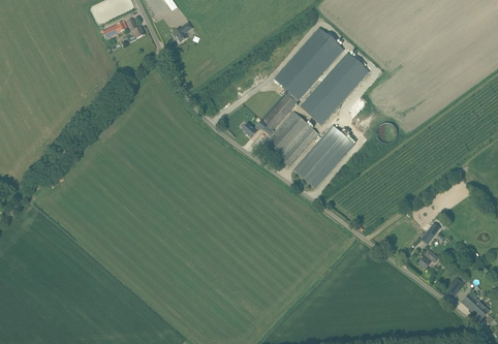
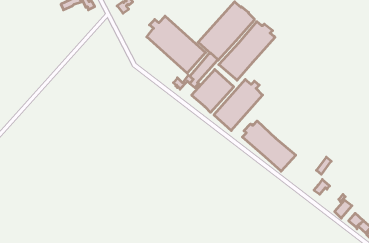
building: none -> [147,16,206,73]
building: none -> [242,121,296,171]

